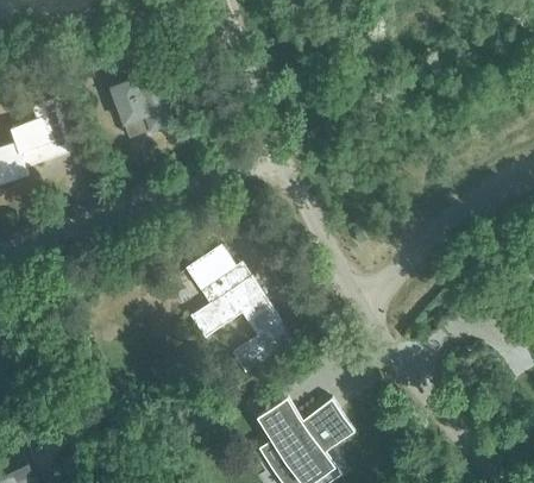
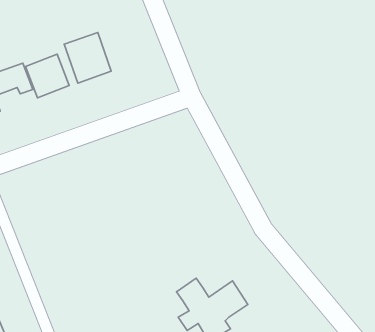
building: none -> [25,54,69,98]
building: [188,246,282,365] -> none

